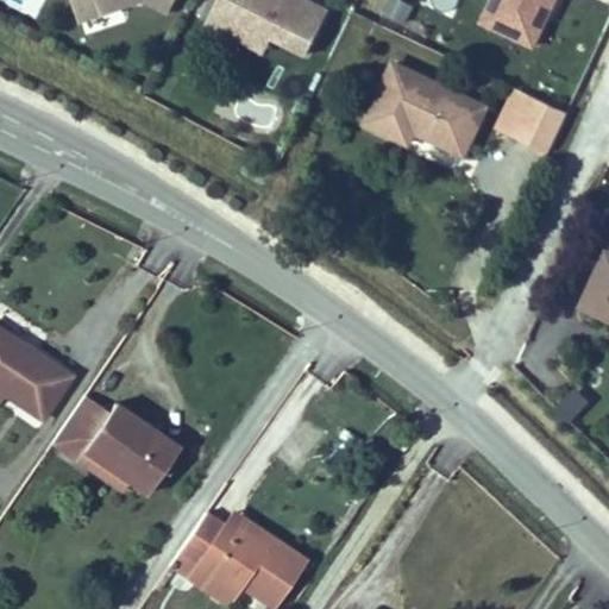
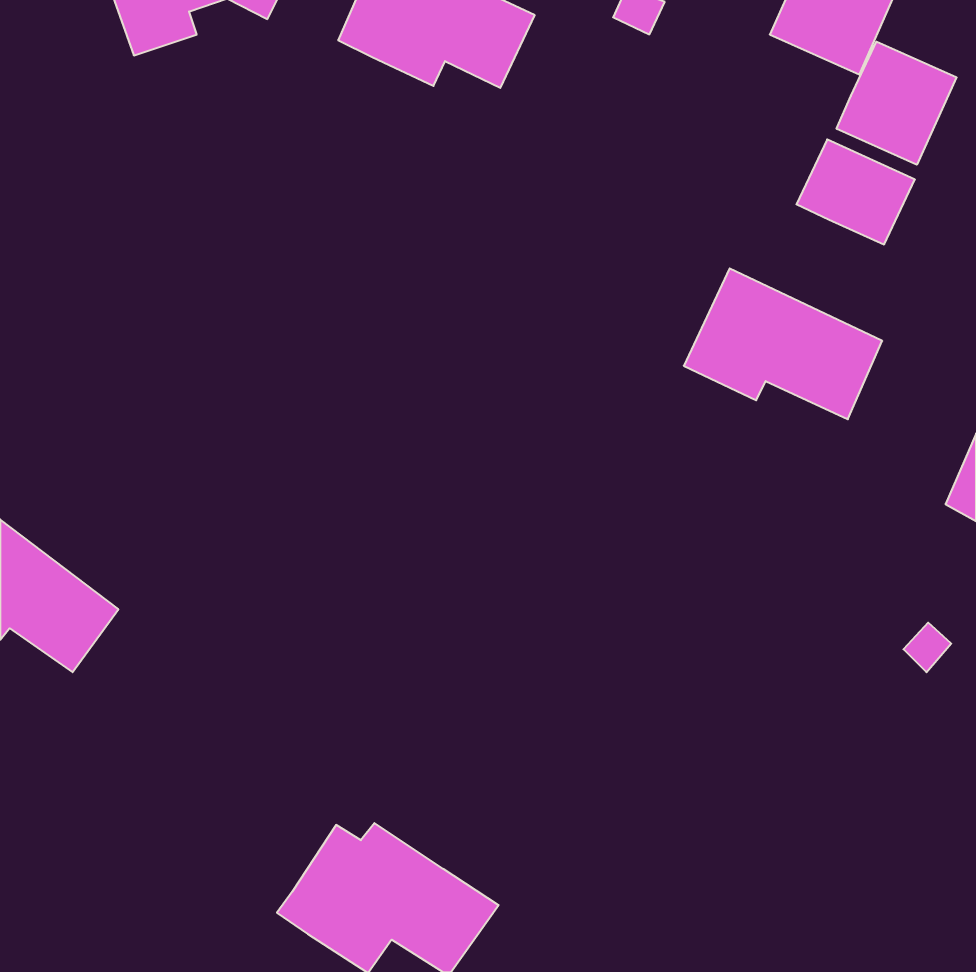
building: none -> [837,42,957,165]
building: [360,59,484,153] -> [684,268,882,419]
building: [52,396,180,500] -> none

